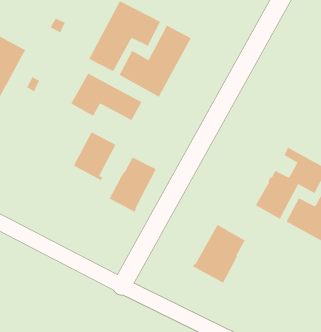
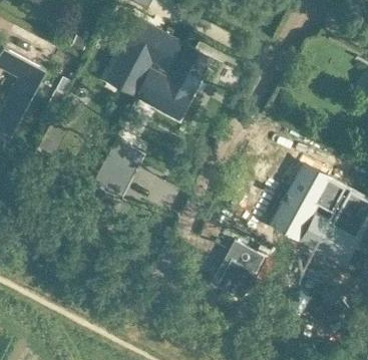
building: [70,73,143,121] -> none
building: [108,156,157,213] -> none

